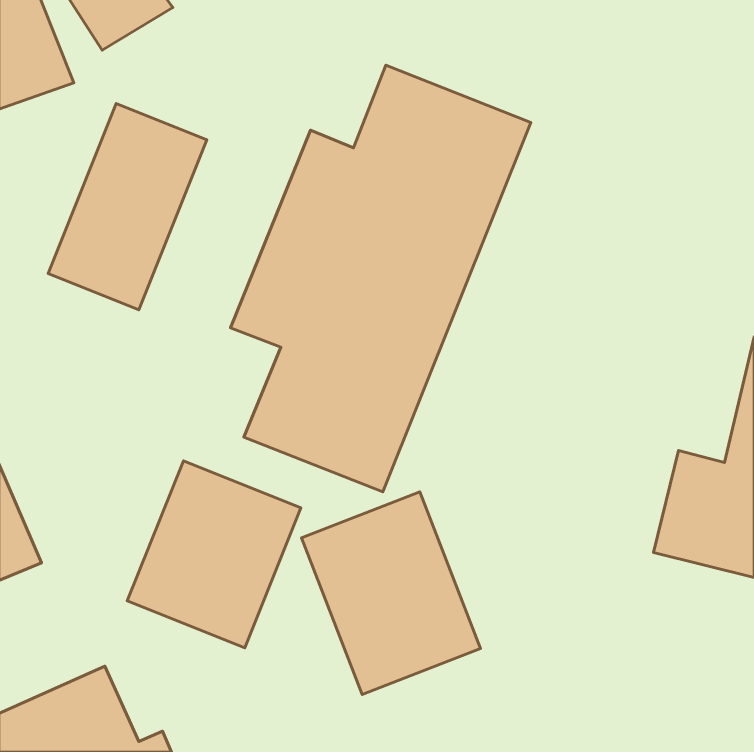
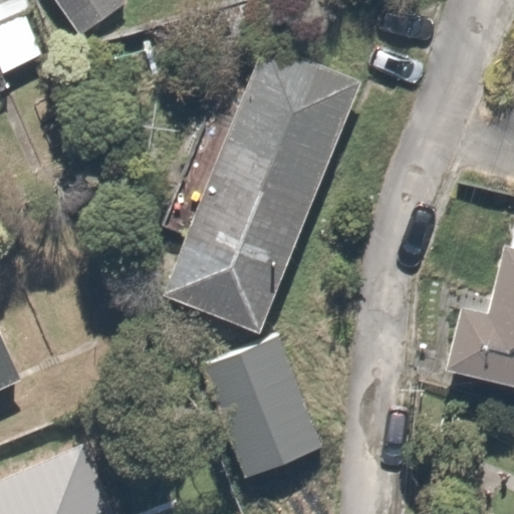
building: [48,103,207,310] -> none
building: [127,461,301,648] -> none

